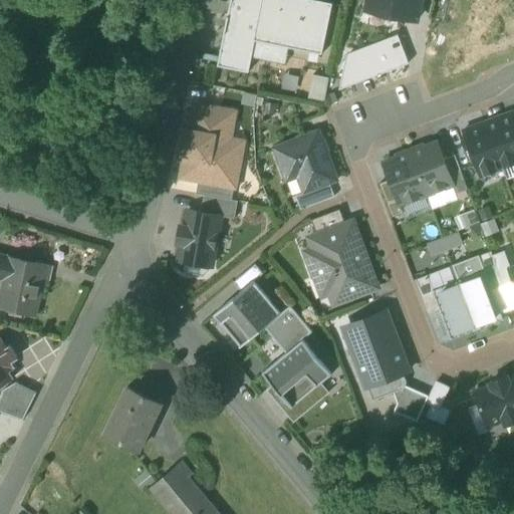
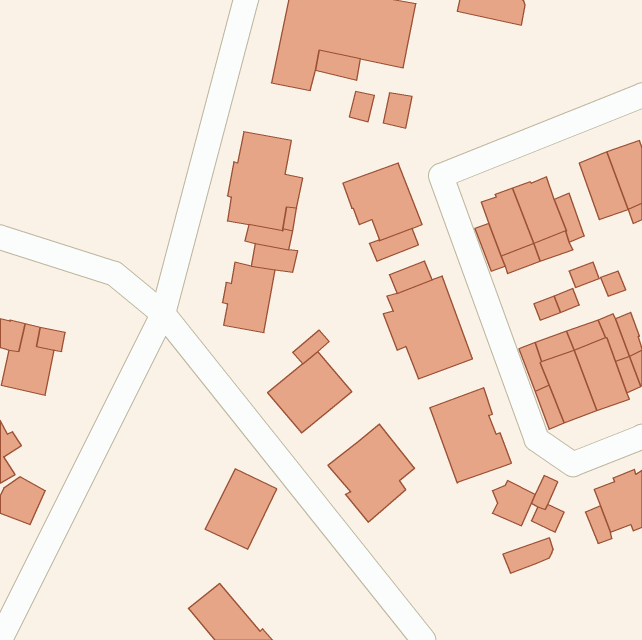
building: [339,36,409,89] -> none
building: [264,305,312,353] -> none
building: [366,372,407,401] -> [503,538,553,573]
building: [104,387,162,451] -> [205,469,277,549]

